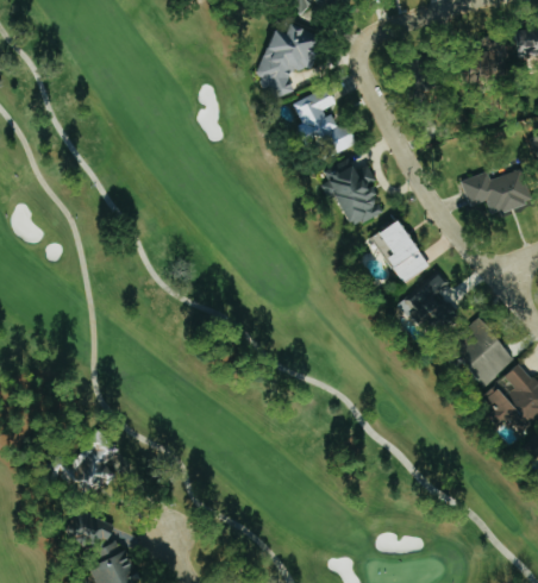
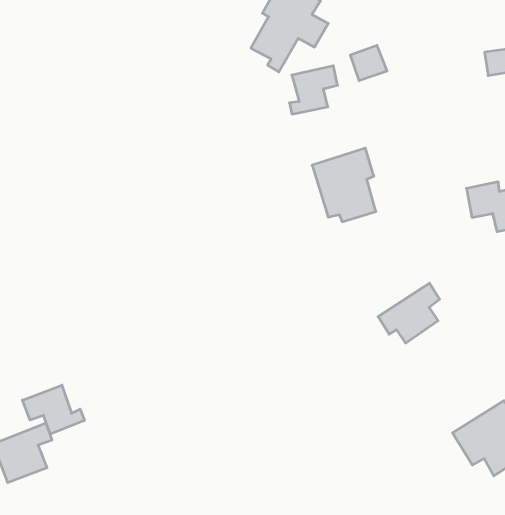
building: [324,121,358,155] -> [350,45,387,81]
building: [375,218,430,283] -> none
building: [448,322,513,387] -> none
building: none -> [22,385,84,434]

